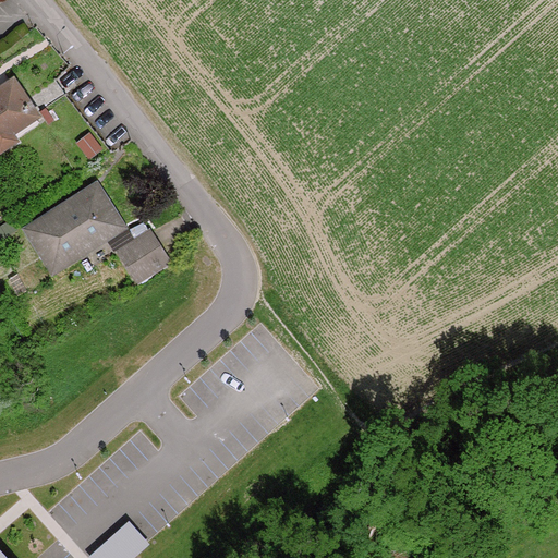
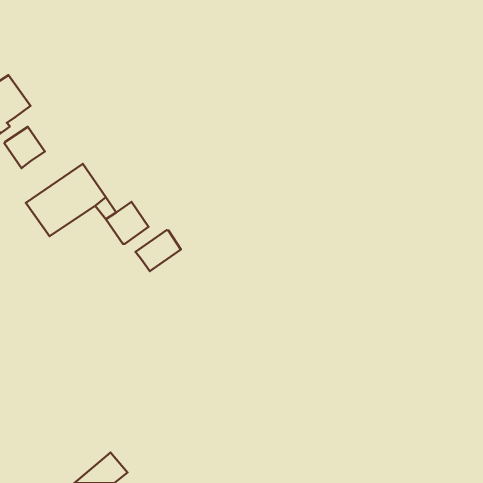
building: none -> [5,127,45,168]
building: none -> [135,230,181,271]

